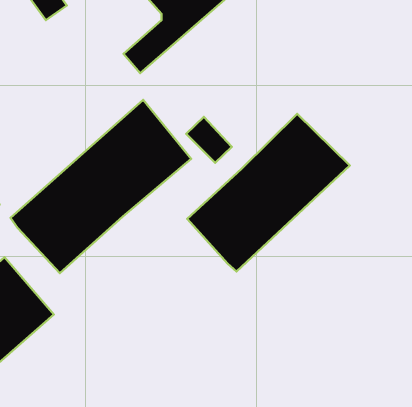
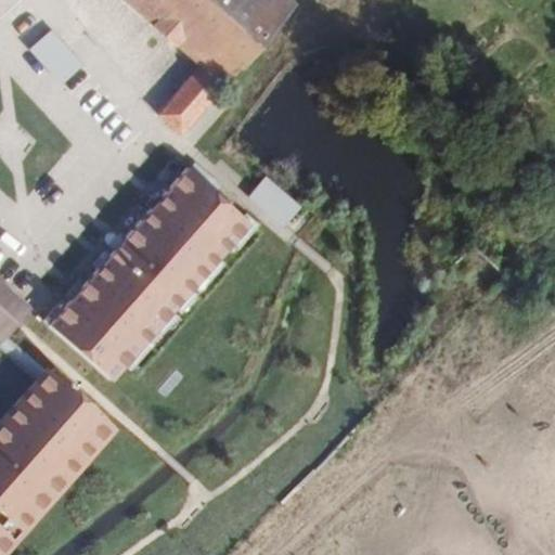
building: [187,114,350,271] -> none

